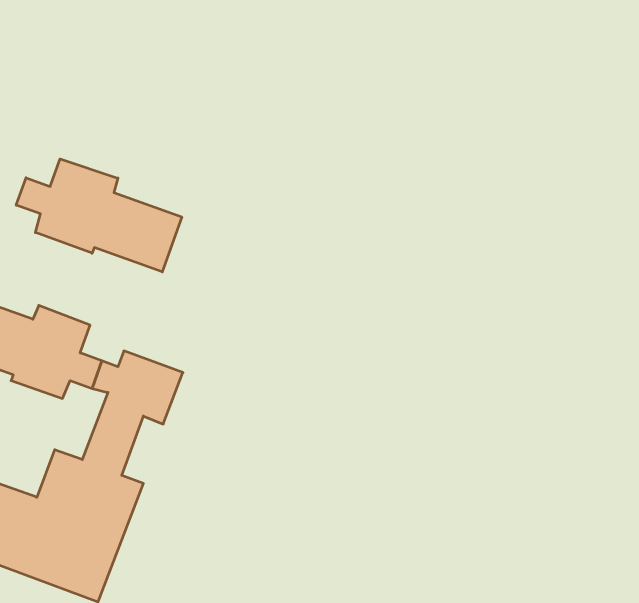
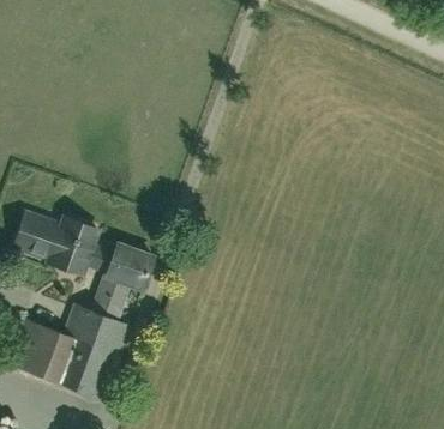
building: [16,159,182,272] -> none

